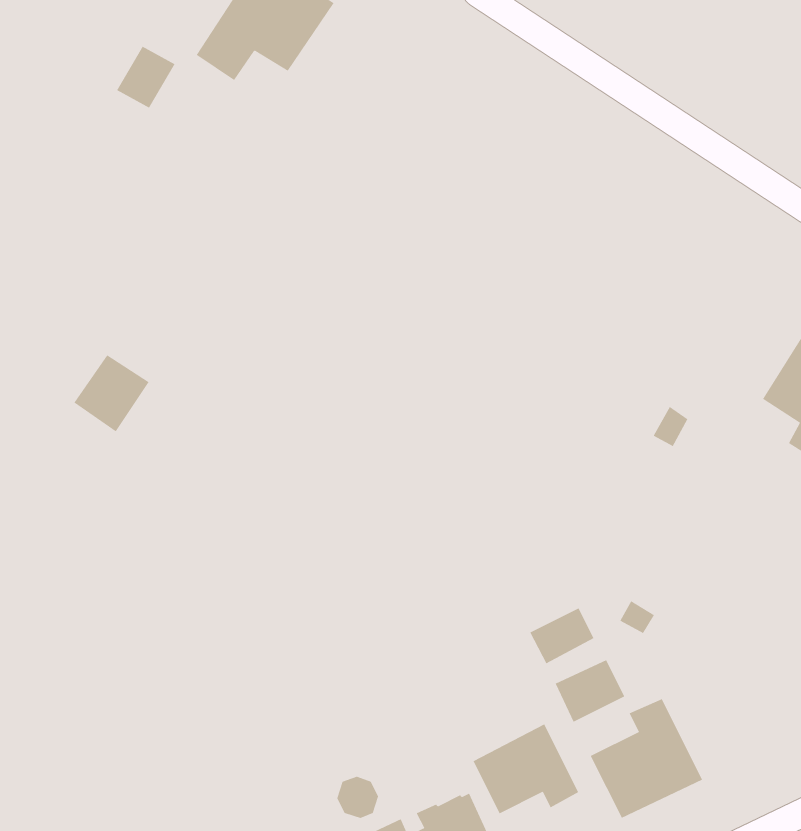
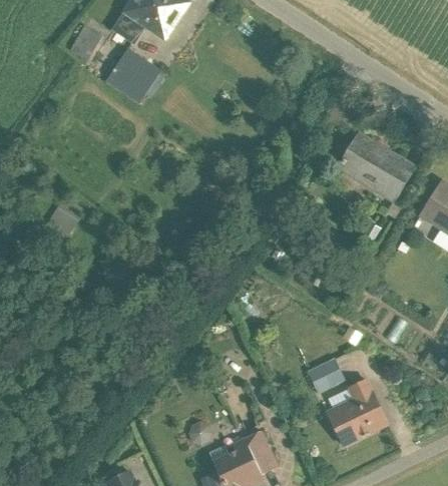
building: none -> [105,47,161,103]
building: none -> [338,133,415,217]
building: [529,608,594,664] -> none
building: [473,723,579,814] -> none

